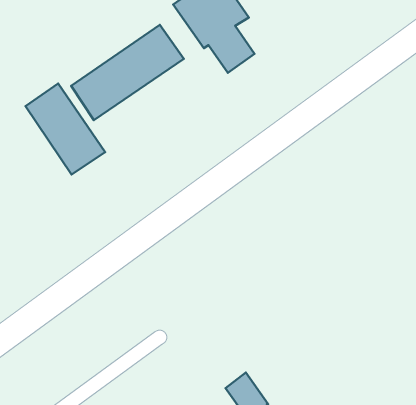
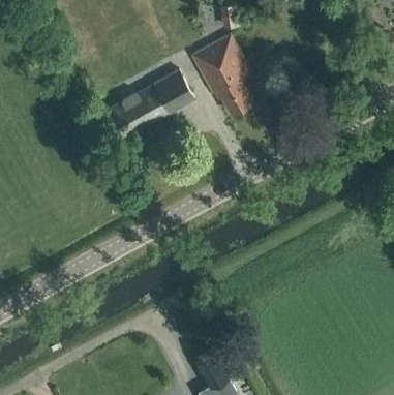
building: [26,84,105,174] -> none

